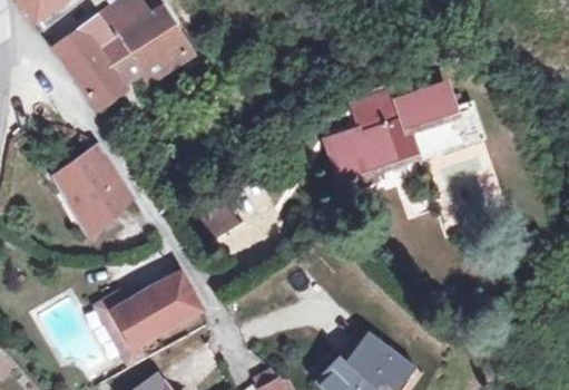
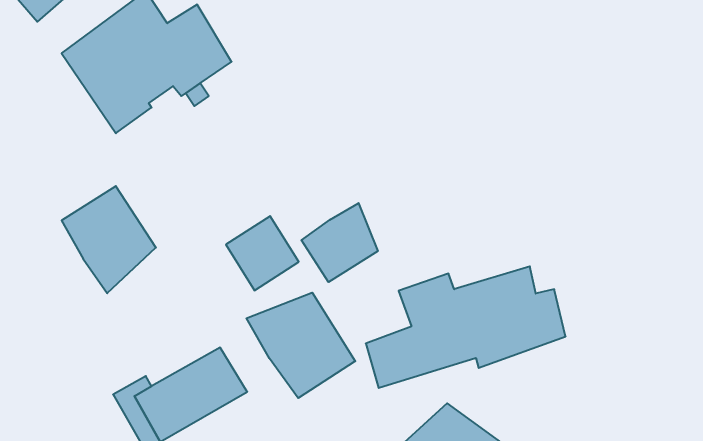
building: [324,84,480,178] -> [366,266,566,388]
building: none -> [301,203,378,282]
building: none -> [246,293,355,398]

